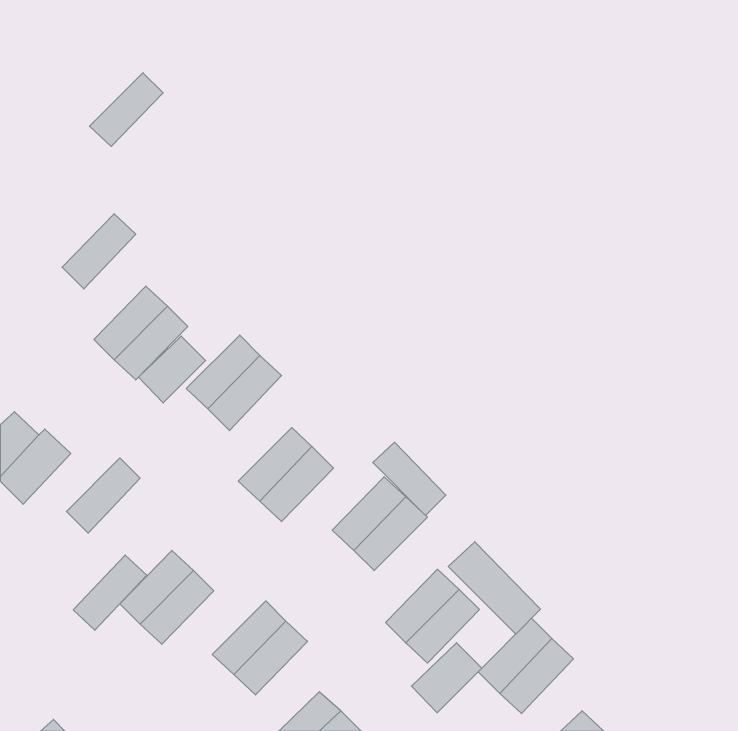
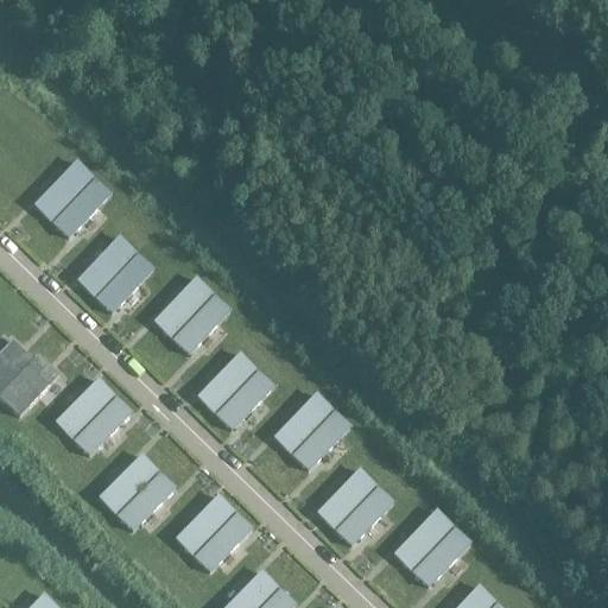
building: [89,73,163,146] -> [33,159,94,220]
building: [139,336,206,403] -> none
building: [373,442,446,515] -> none
building: [448,542,540,634] -> none
building: [73,555,147,630] -> [72,393,133,455]
building: [411,643,482,713] -> none

